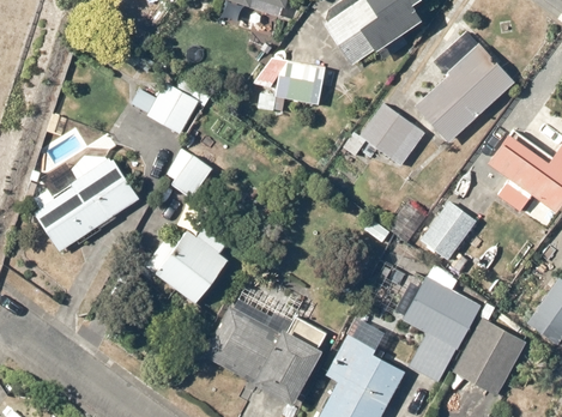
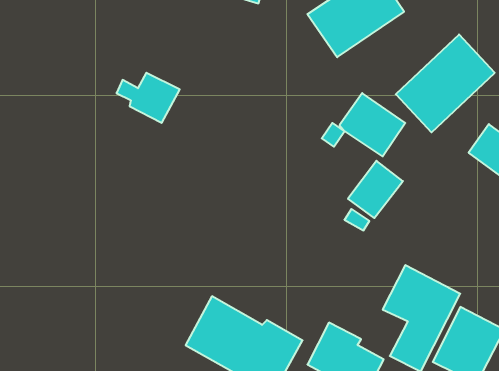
building: [278,64,322,102] -> none
building: [165,149,212,198] -> none
building: [37,155,139,248] -> none
building: [419,201,475,259] -> [348,161,403,218]
building: [140,228,228,307] -> none

